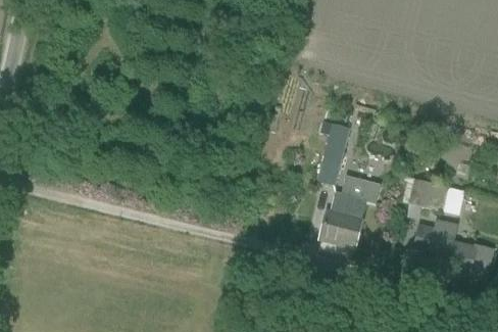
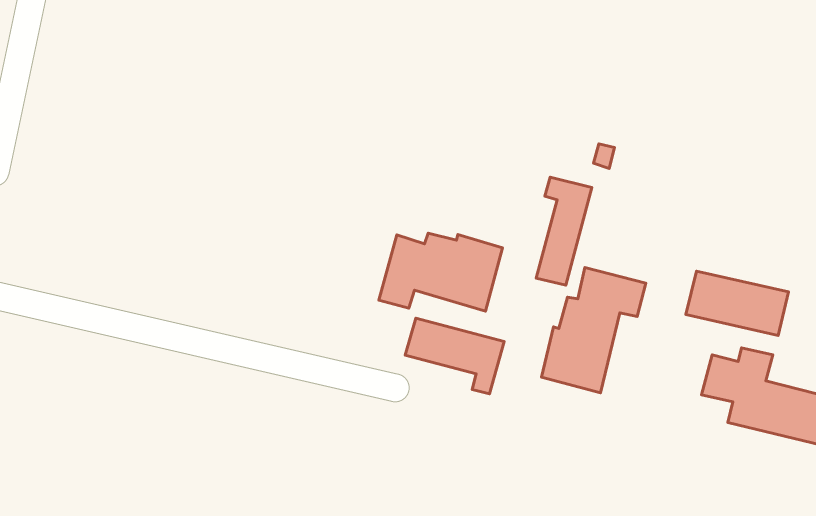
building: none -> [379,233,503,311]
building: none -> [405,318,504,394]

